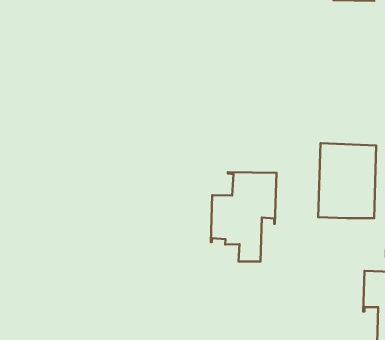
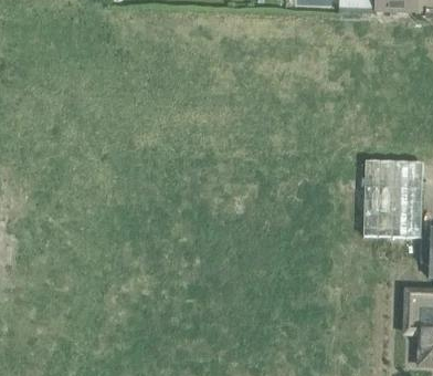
building: [211,172,277,262] -> none

